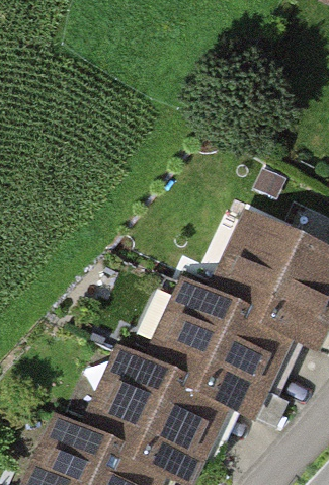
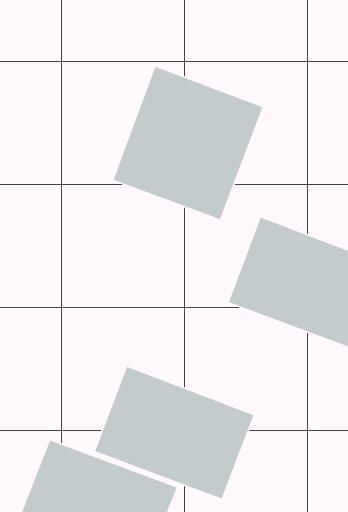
building: none -> [113,66,264,220]
building: [151,282,298,404] -> none

